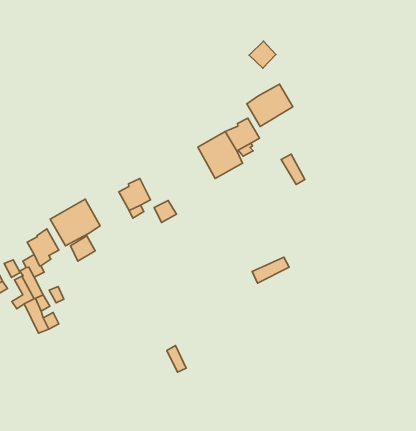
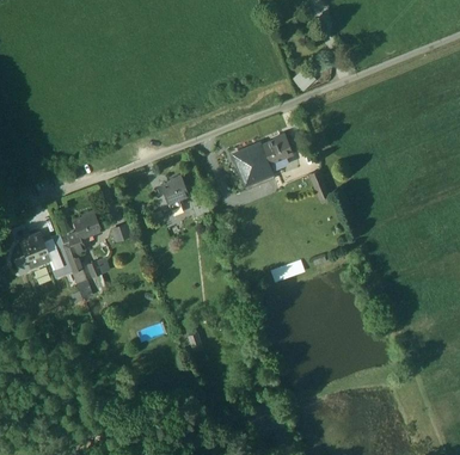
building: [247,84,293,126] -> none
building: [50,199,100,246] -> none

